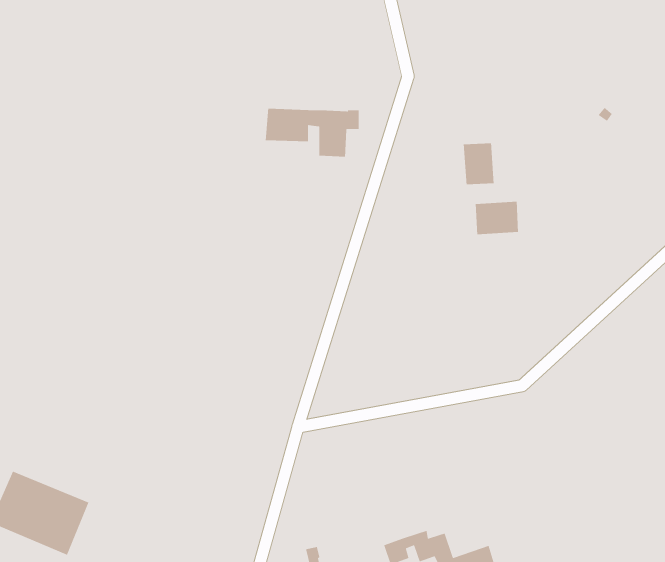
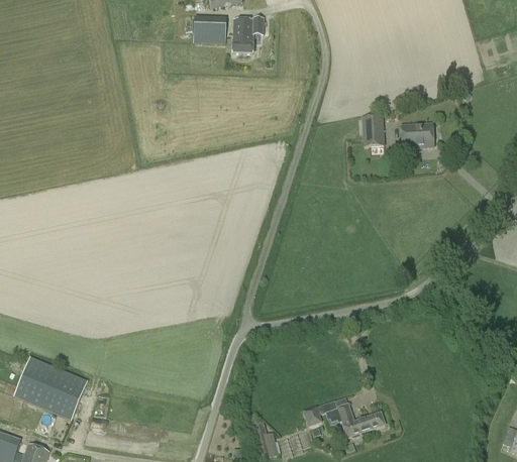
building: [265,108,360,157] -> [193,17,263,53]
building: [475,201,519,235] -> [401,123,433,148]

